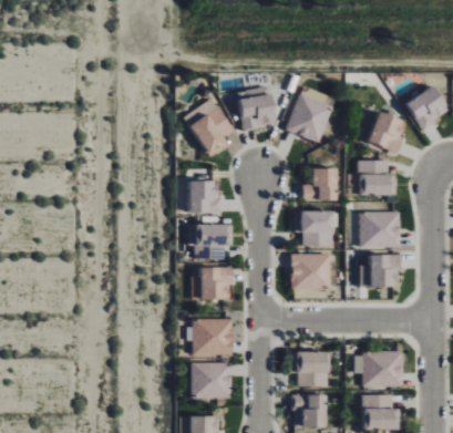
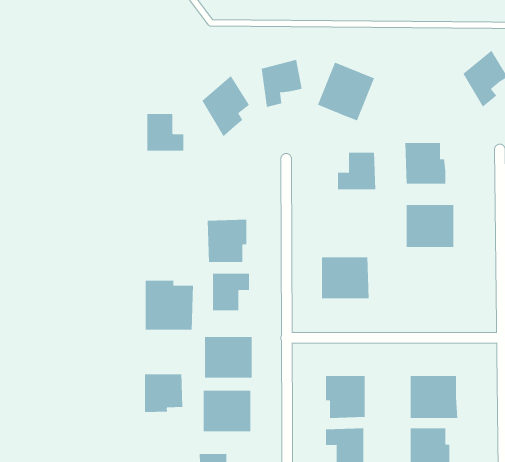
building: [368,112,400,154] -> none
building: [191,181,222,212] -> [146,114,184,151]
building: [297,209,330,245] -> none
building: [368,256,400,287] -> none
building: none -> [145,280,194,330]
building: none -> [144,373,183,413]

